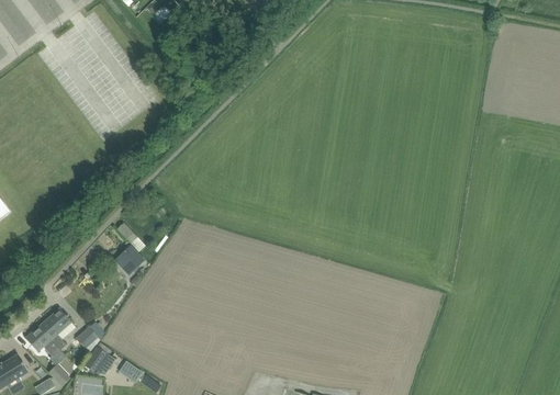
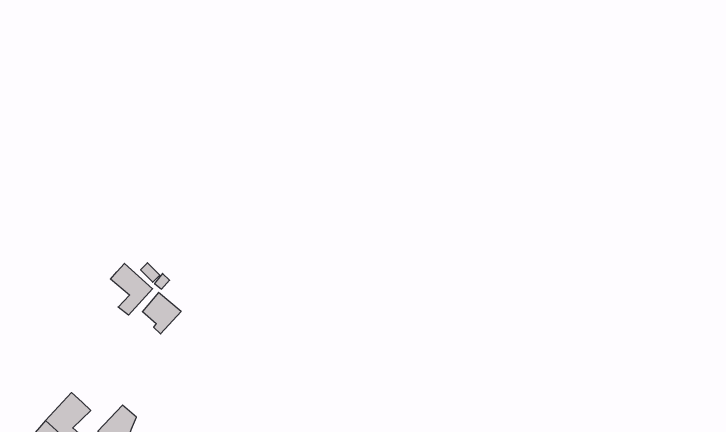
building: none -> [110,263,153,315]

